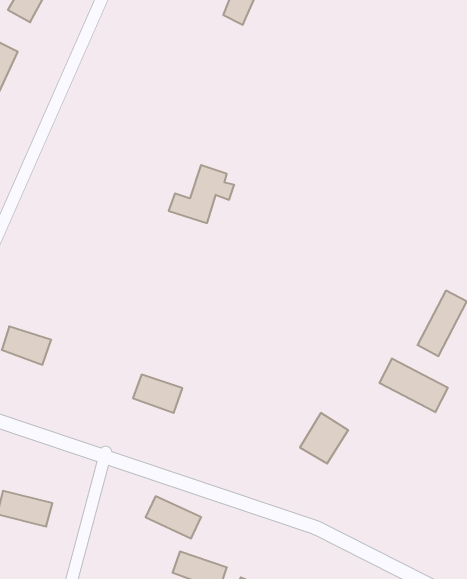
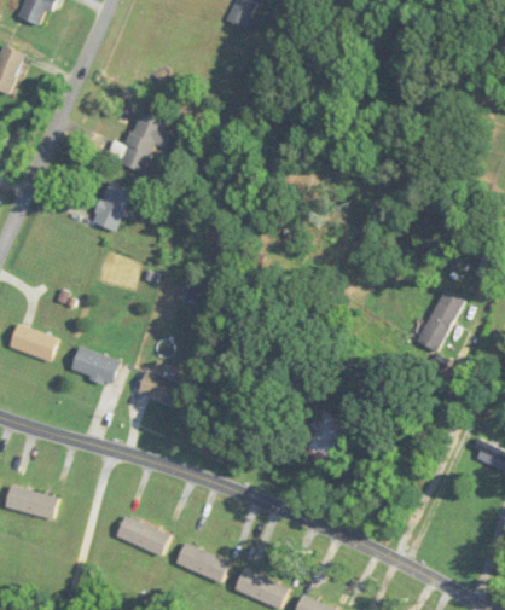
building: [169,165,234,223] -> [106,114,170,170]
building: none -> [92,181,132,231]
building: none -> [70,345,120,383]
building: [380,358,448,412] -> none
building: [146,496,201,538] -> [116,515,170,556]

